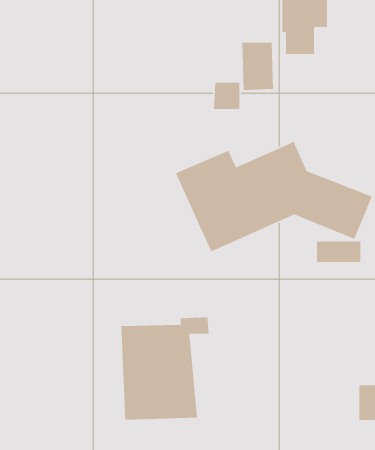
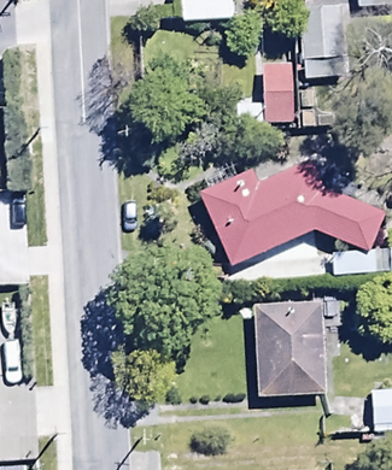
building: [121,317,209,421] -> [256,295,339,393]

